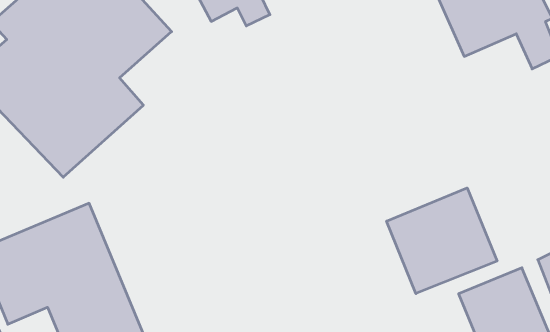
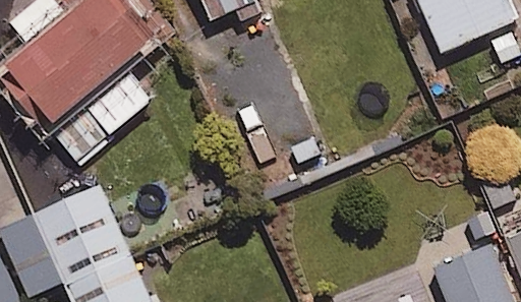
building: [387,188,497,294] -> none

